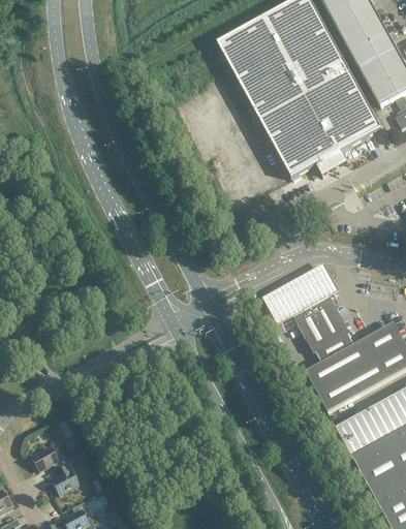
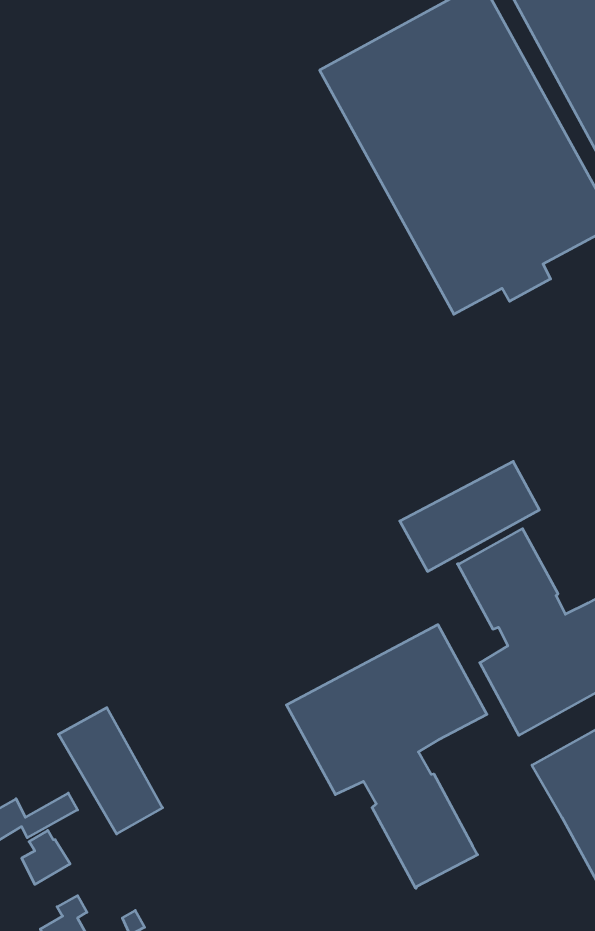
building: none -> [286,625,487,888]
building: none -> [58,708,163,834]

